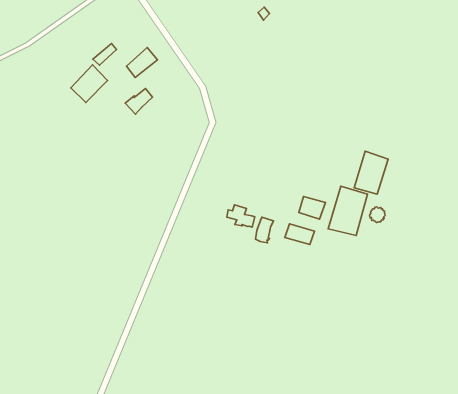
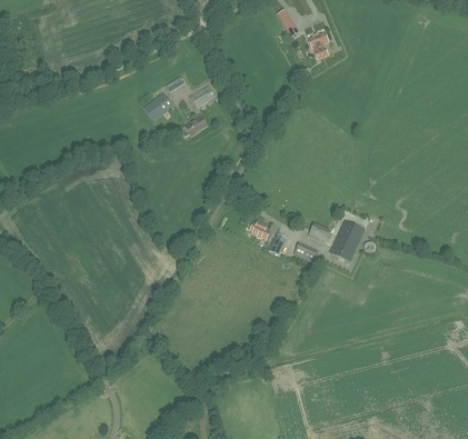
building: [354,151,388,194] -> none

